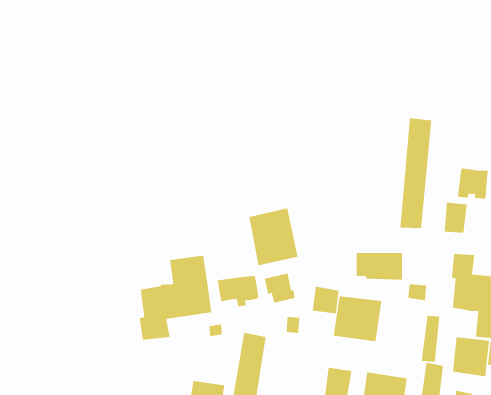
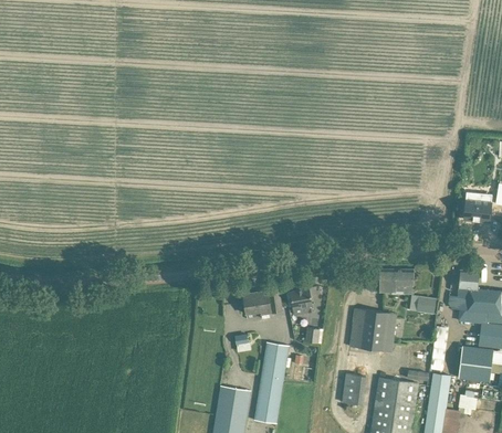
building: [400,117,432,229] -> none
building: [444,202,467,234] -> none
building: [249,208,298,266] -> none
building: [139,255,212,341] -> none
building: [312,286,339,314] -> none

